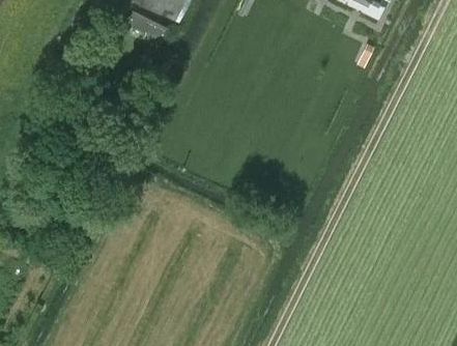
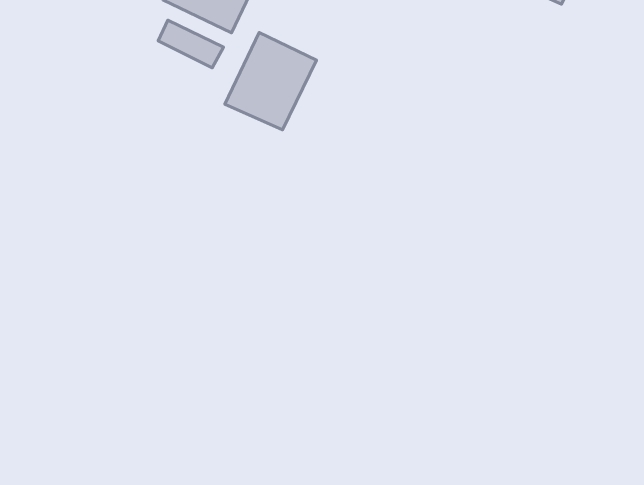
building: none -> [225,32,316,130]

